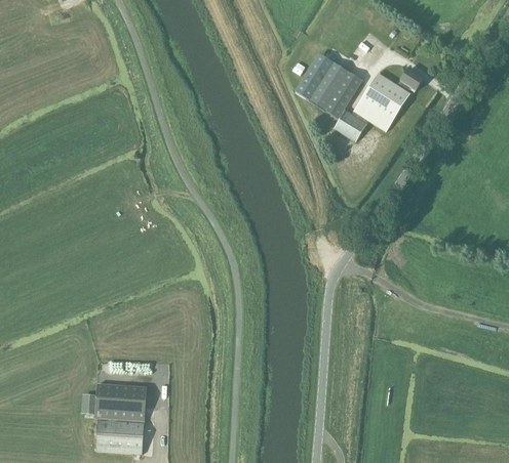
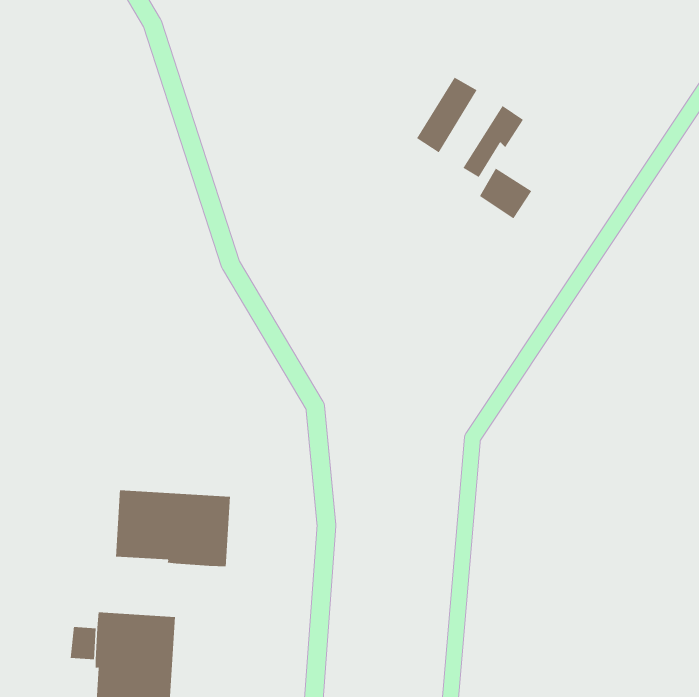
building: [310,60,349,109] -> none
building: [354,68,423,130] -> none
building: none -> [116,489,231,567]

